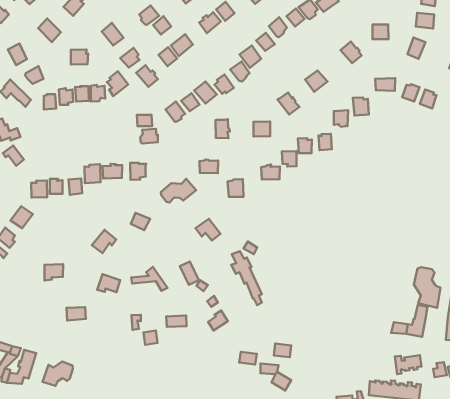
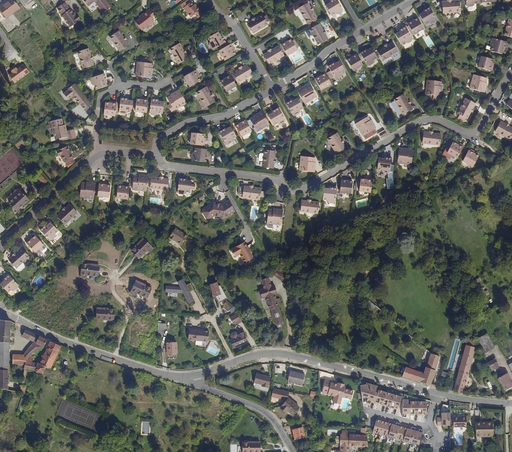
building: [414,267,441,308] -> none
building: none -> [359,381,400,406]
building: none -> [322,377,353,403]
building: [42,361,73,386] -> none

